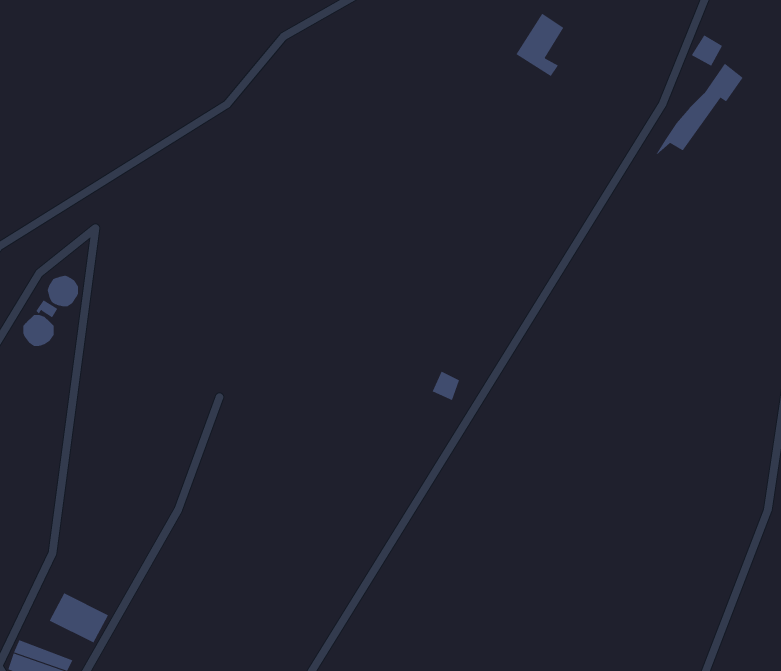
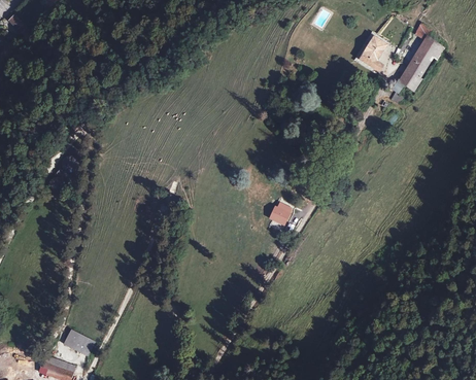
building: [516,13,564,77] -> [359,36,385,71]

